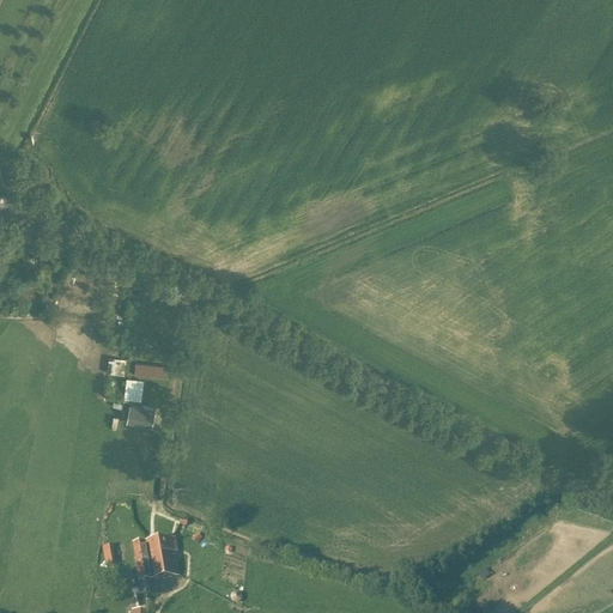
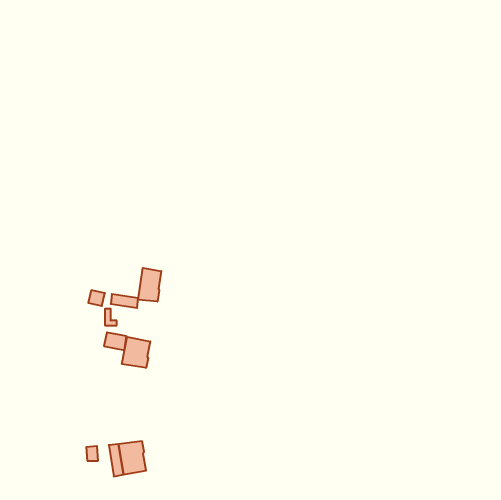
building: none -> [138,268,161,302]
building: none -> [122,337,150,368]

